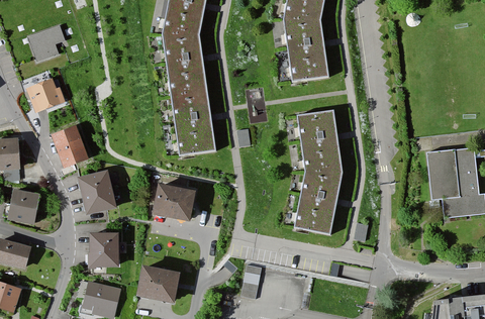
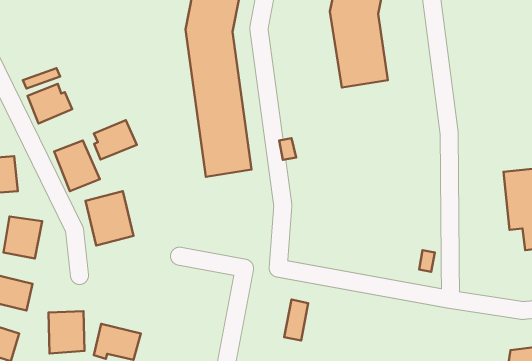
building: [28,20,67,58] -> none
building: [291,108,343,234] -> none
building: none -> [94,120,137,159]
building: [152,184,195,221] -> none
building: [89,231,119,267] -> [48,311,85,353]
building: [136,267,180,303] -> none

